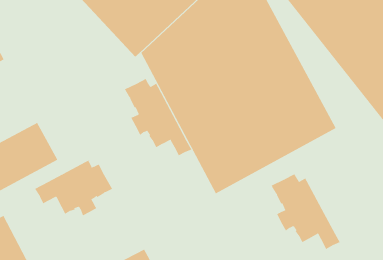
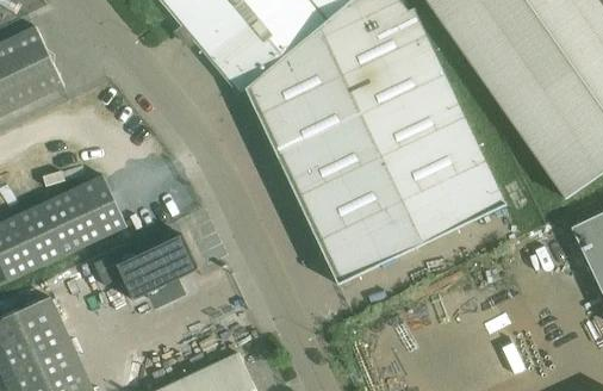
building: [124,78,192,156] -> none
building: [271,173,341,250] -> none

